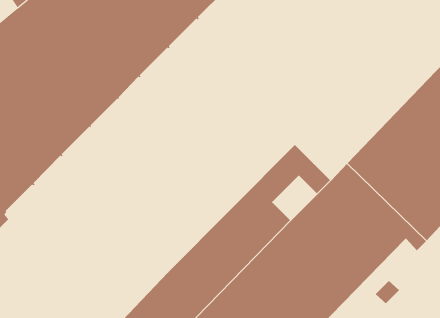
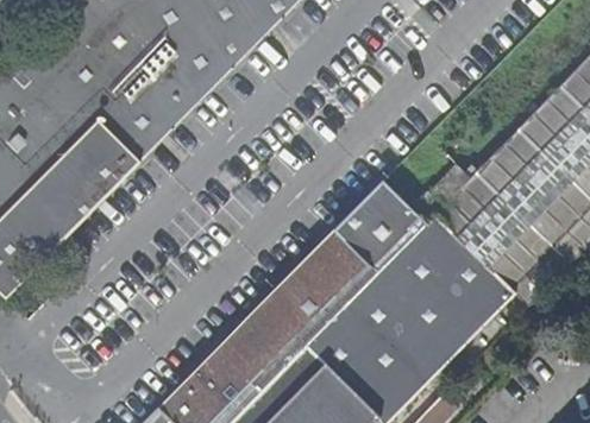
building: none -> [357,217,409,270]

